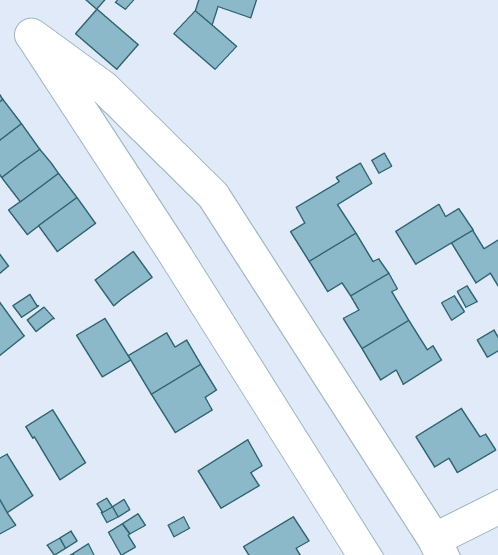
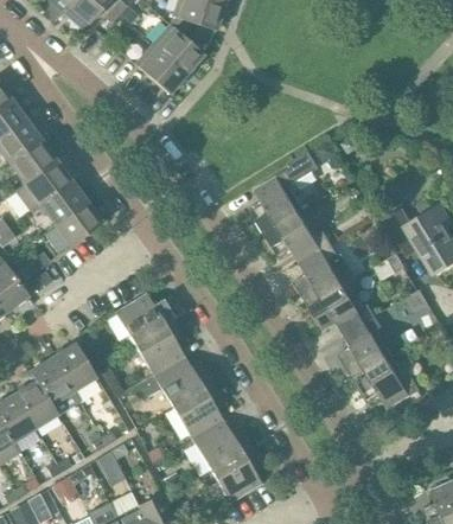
building: [76,9,138,69] -> [134,44,186,94]
building: [396,204,473,264] -> none
building: [95,252,152,306] -> [55,202,102,247]
building: [77,318,131,377] -> [51,343,96,391]
building: none -> [338,315,391,379]
building: none -> [153,357,213,408]
building: none -> [13,379,57,428]
building: none -> [191,420,251,471]

